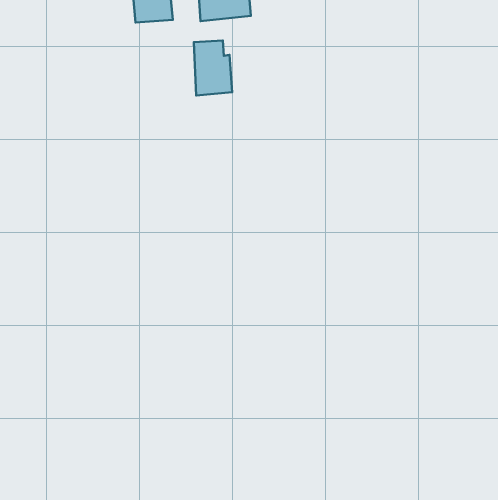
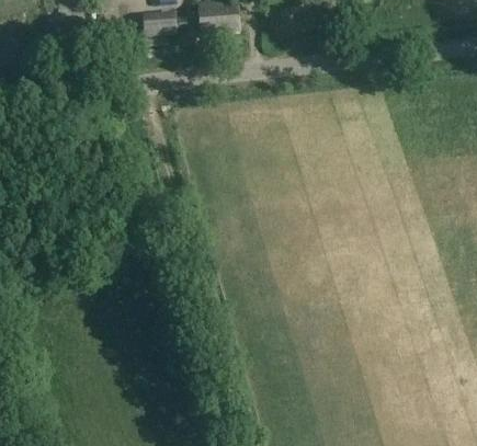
building: [194,40,232,95] -> none

